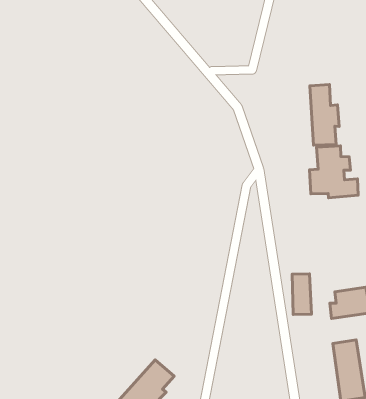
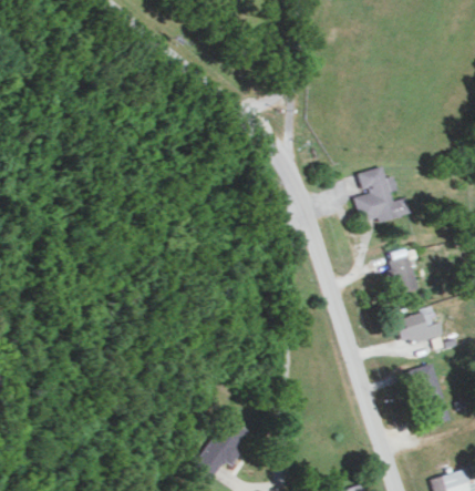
building: [310,84,339,145] -> none
building: [292,274,312,314] -> [389,248,415,293]

